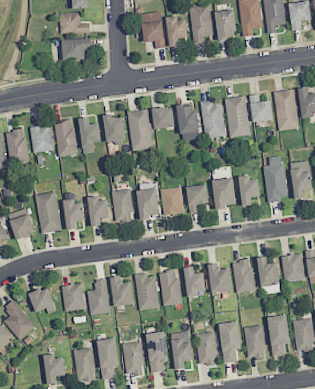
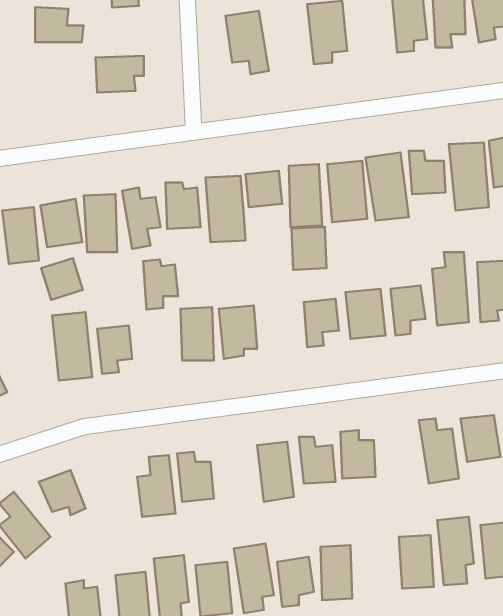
building: [215,9,236,39] -> none
building: [61,12,90,33] -> [35,7,83,42]
building: [166,16,188,47] -> none
building: [162,188,183,214] -> [291,227,326,270]
building: [88,196,109,226] -> [143,260,178,309]
building: [10,214,35,239] -> [41,258,83,300]
building: [232,259,254,293] -> none
building: [135,273,159,310] -> none
building: [61,283,85,312] -> none
building: [219,322,240,363] -> none

